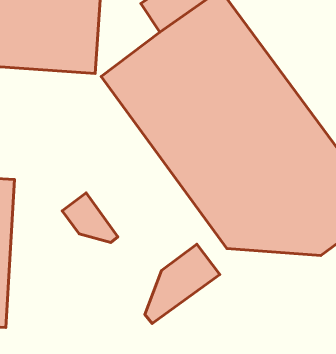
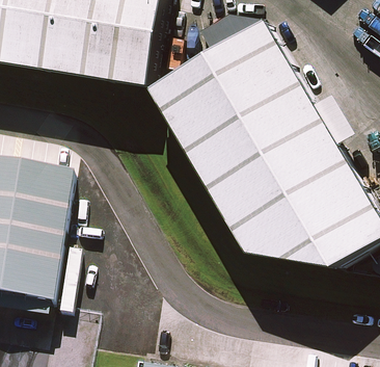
building: [62,193,118,243] -> none
building: [145,244,220,323] -> none

